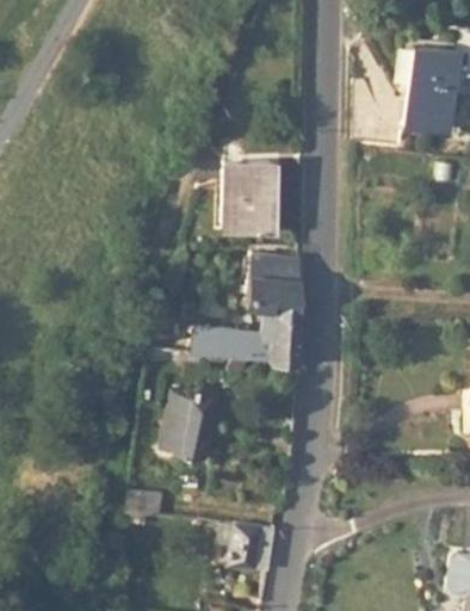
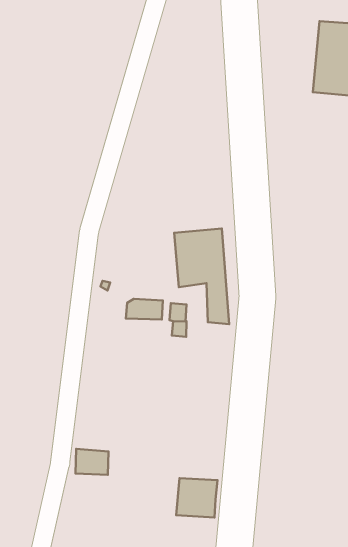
building: [225,161,270,232] -> none
building: [161,388,219,462] -> none

